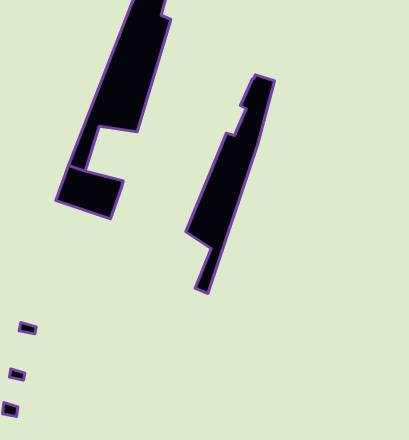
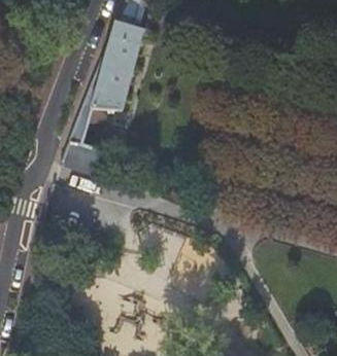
building: [186,75,275,293] -> none

